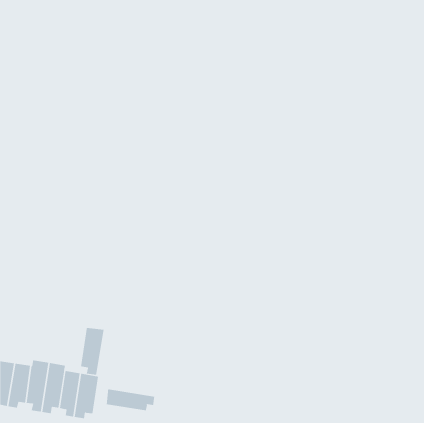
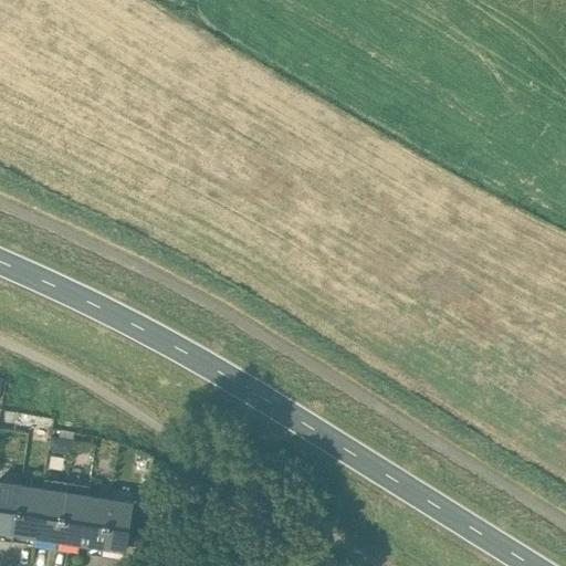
building: [81,327,104,376] -> none
building: [106,389,155,411] -> none

